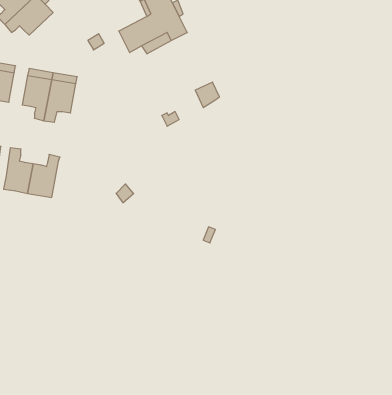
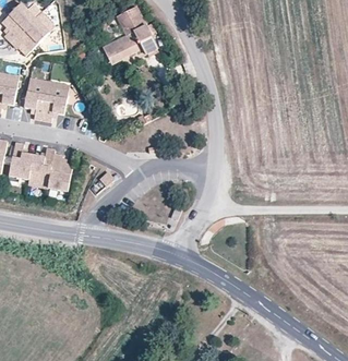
building: none -> [47,153,72,191]

